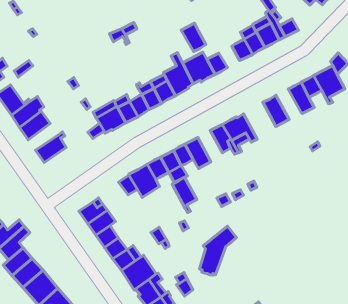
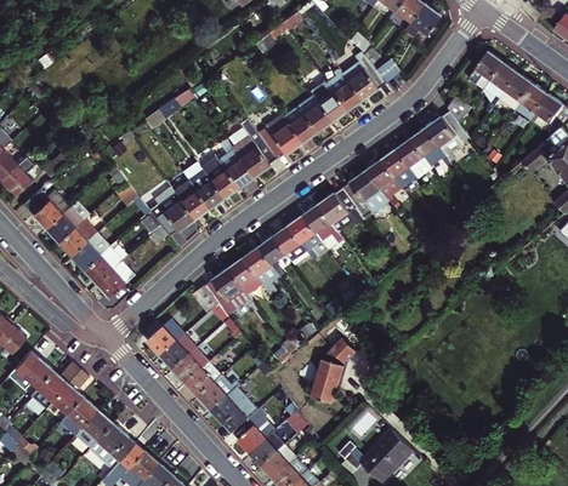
building: [181,23,206,52] -> [296,96,330,132]
building: none -> [382,150,418,189]
building: none -> [343,171,388,219]
building: none -> [72,233,109,269]
building: none -> [96,261,135,298]
building: [172,177,197,213] -> [289,216,323,261]

